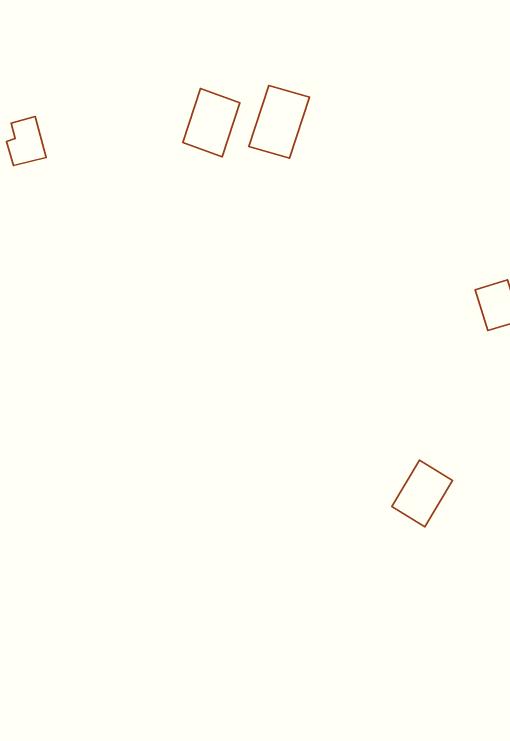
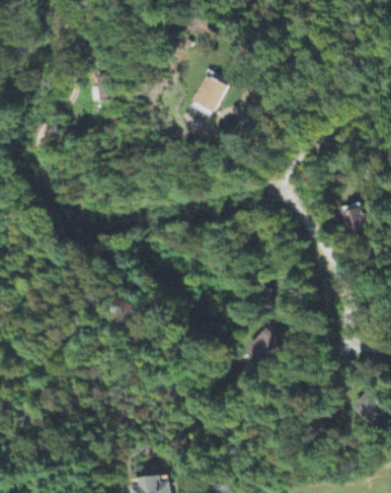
building: [249,85,309,158] -> none
building: [392,460,452,527] -> [245,329,282,367]

